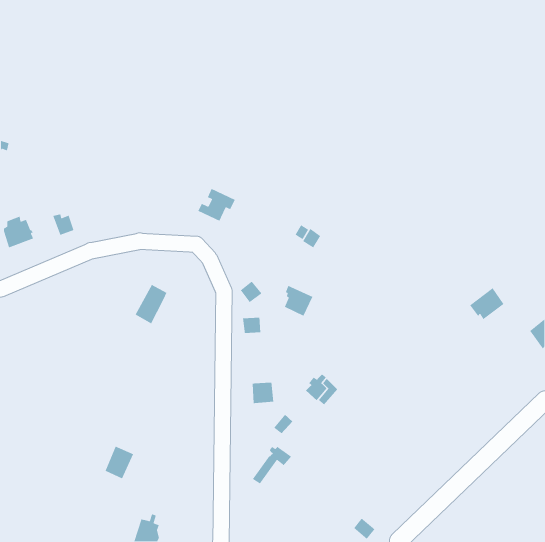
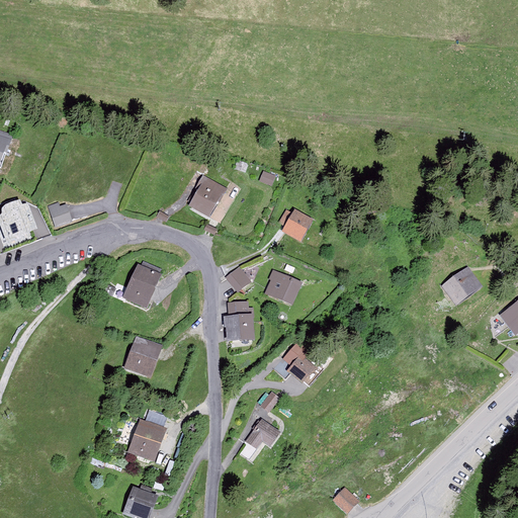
building: none -> [127,342,155,373]
building: [246,382,274,404] -> [225,316,251,337]
building: [104,445,134,480] -> [132,424,160,456]

